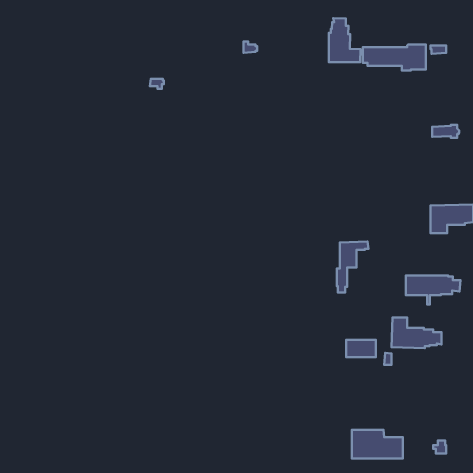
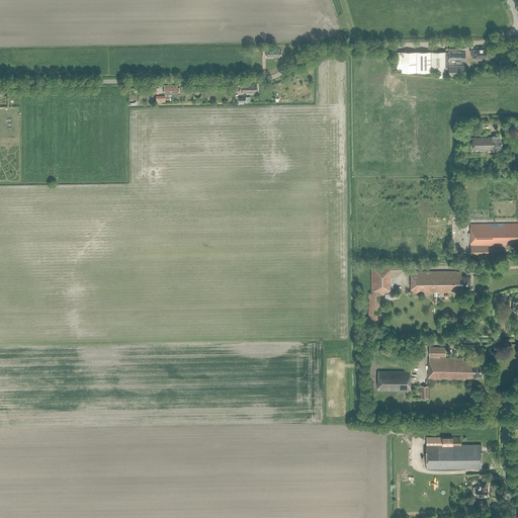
building: [329,18,361,62] -> none
building: [406,276,460,304] -> [411,271,470,303]
building: [352,430,403,459] -> [426,437,482,468]

